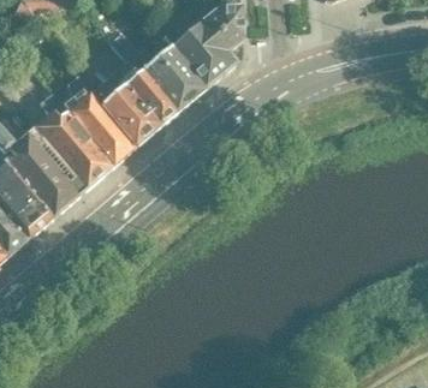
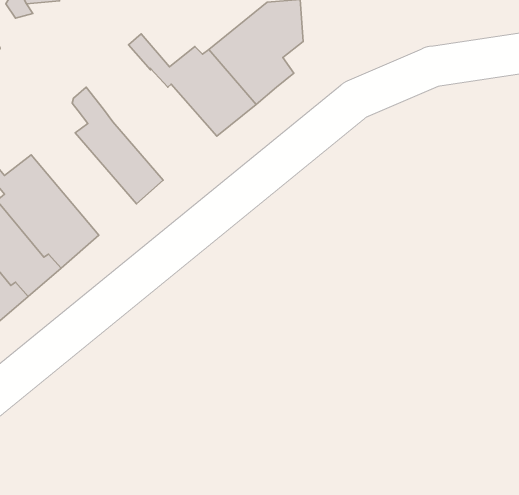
building: [90,60,177,145] -> none
building: [35,92,115,187] -> none

